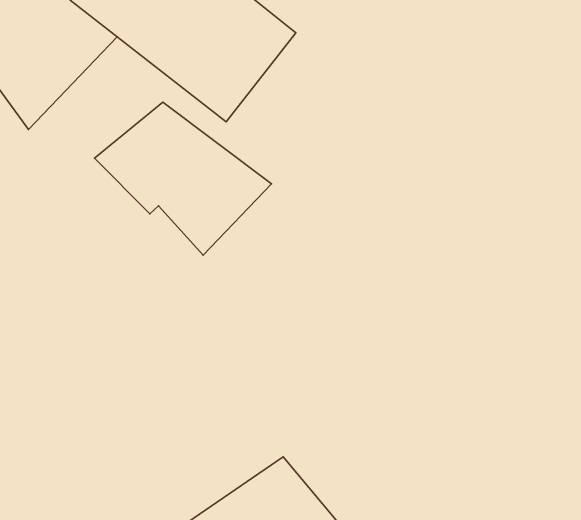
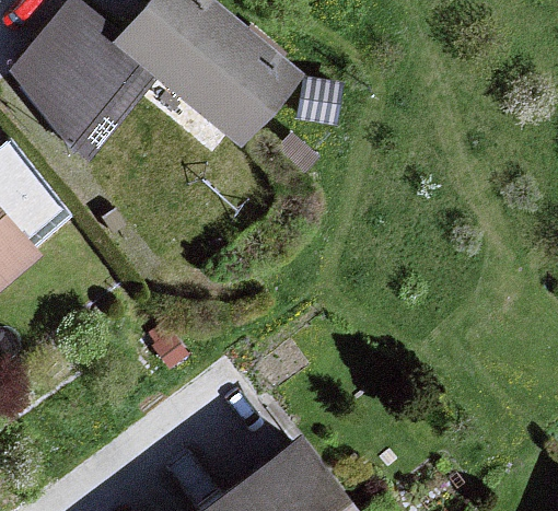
building: [95,102,271,255] -> none

